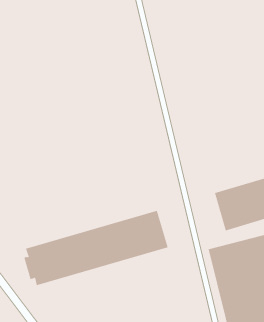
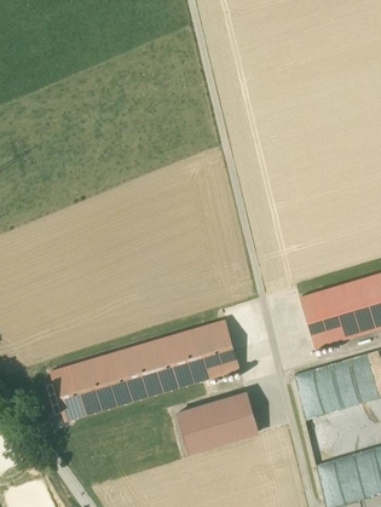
building: none -> [177,393,258,453]

